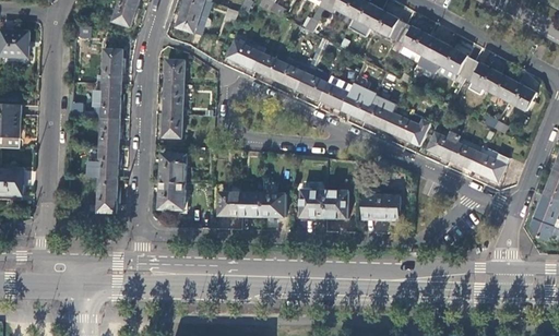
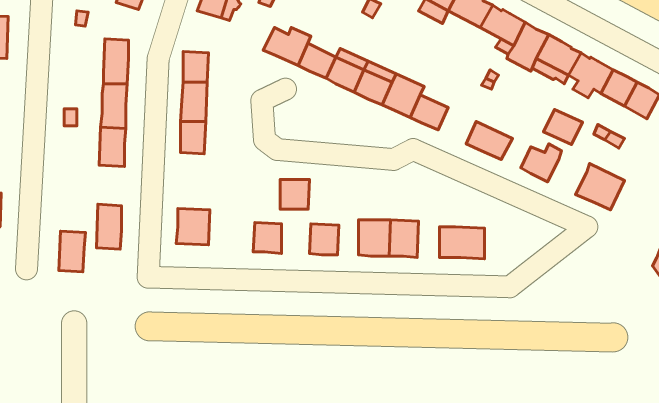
building: [362,103,392,131] -> none
building: [448,143,478,170] -> [543,110,583,145]
building: [97,147,118,179] -> [59,231,86,272]
building: [159,154,185,182] -> none
building: [240,193,263,216] -> [280,180,310,209]

